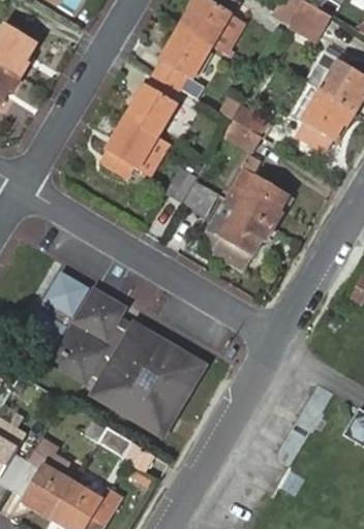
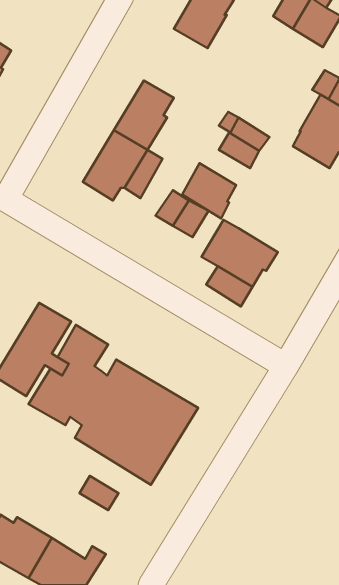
building: [156,26,213,88] -> none
building: [241,177,290,226] -> [182,163,236,219]

